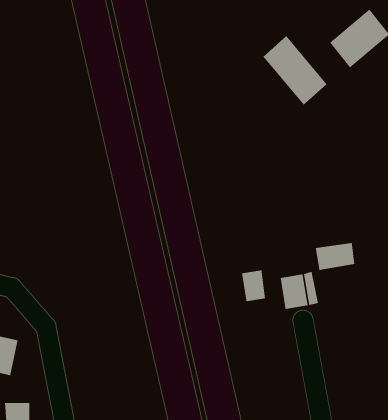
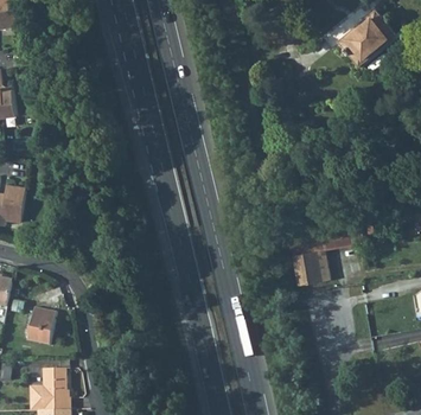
building: [262,35,328,106] -> none
building: [241,269,266,302] -> none

